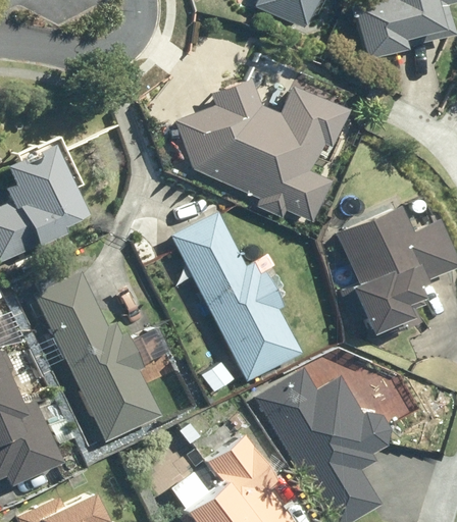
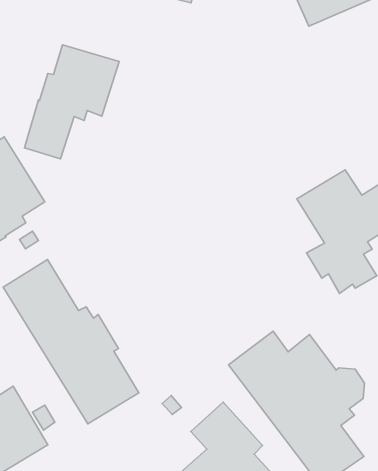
building: none -> [24,45,119,159]
building: [179,76,352,218] -> none
building: [170,212,301,381] -> none

